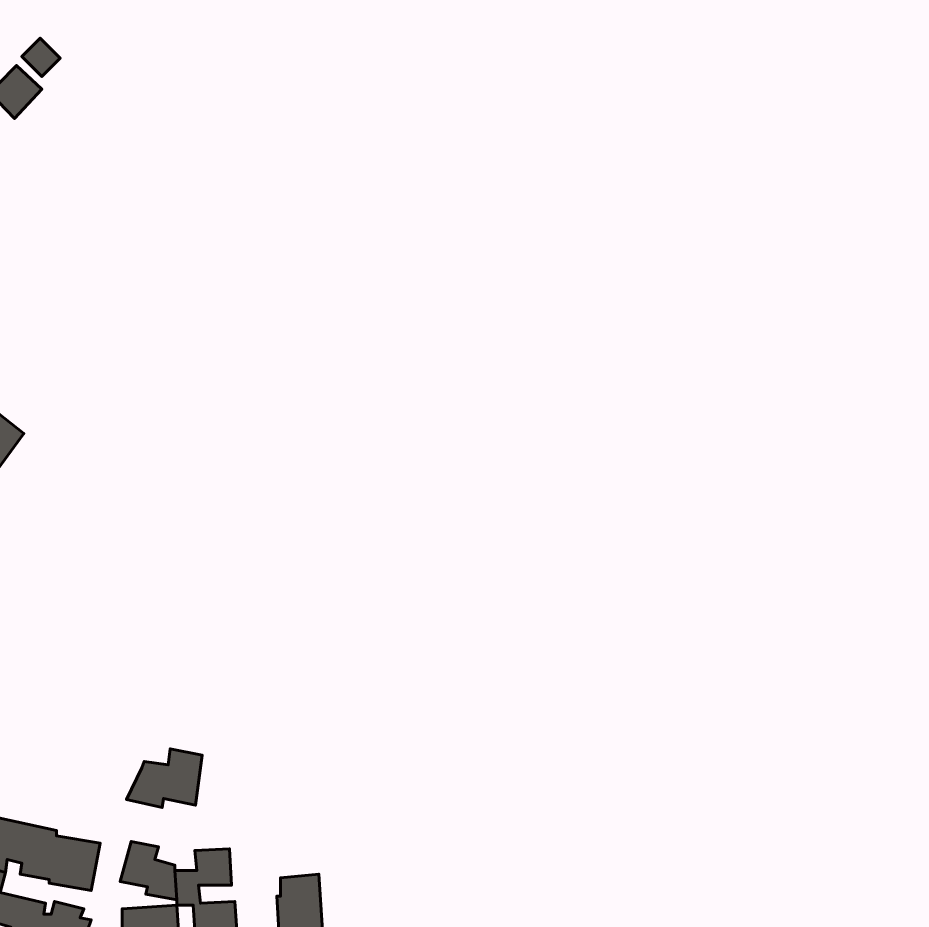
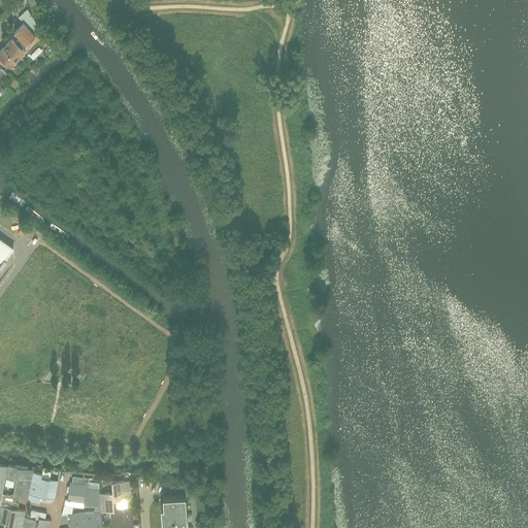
building: [126,749,202,808] -> none

